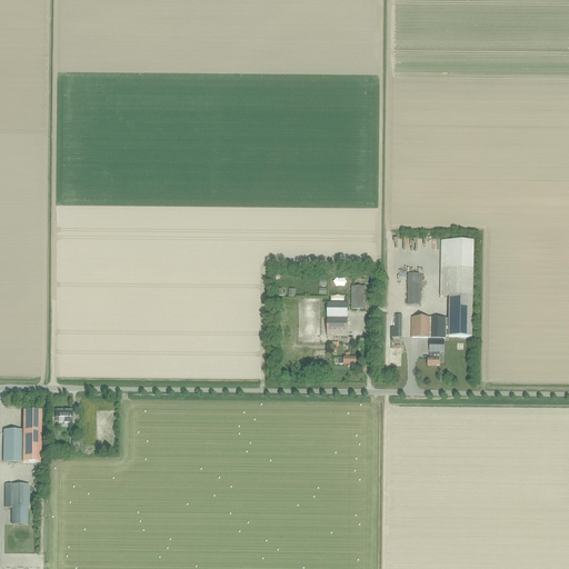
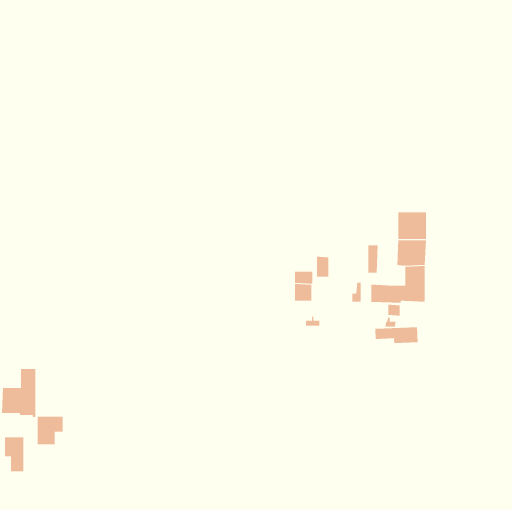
building: none -> [375,326,418,344]
building: none -> [37,416,63,445]

